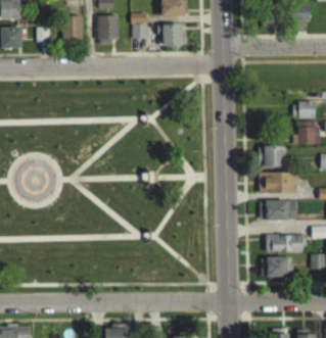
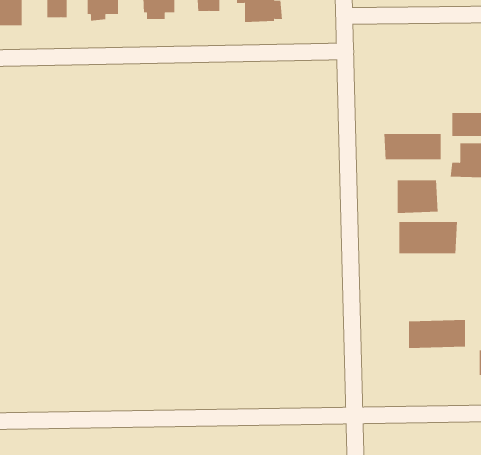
building: none -> [384,133,441,160]
building: [260,200,296,221] -> none
building: [261,257,292,277] -> none

